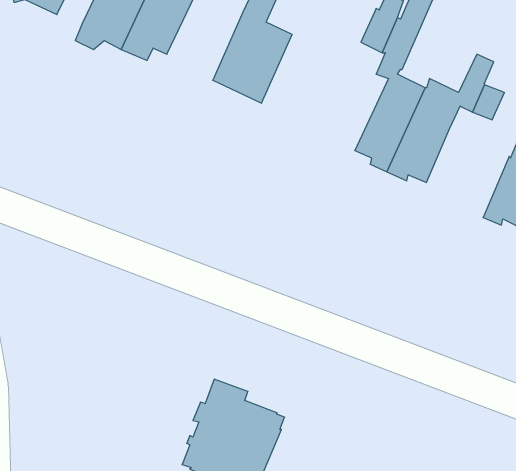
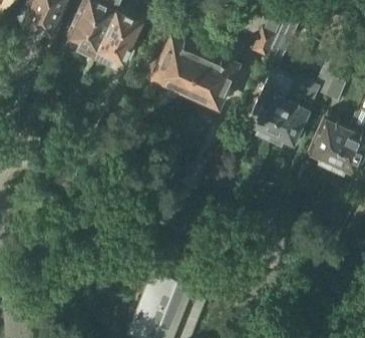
building: none -> [186,39,245,106]
building: none -> [310,117,348,167]

